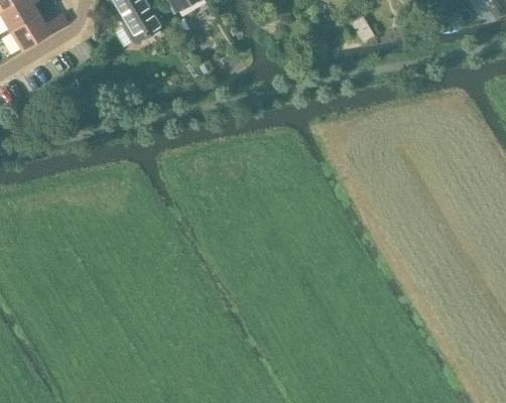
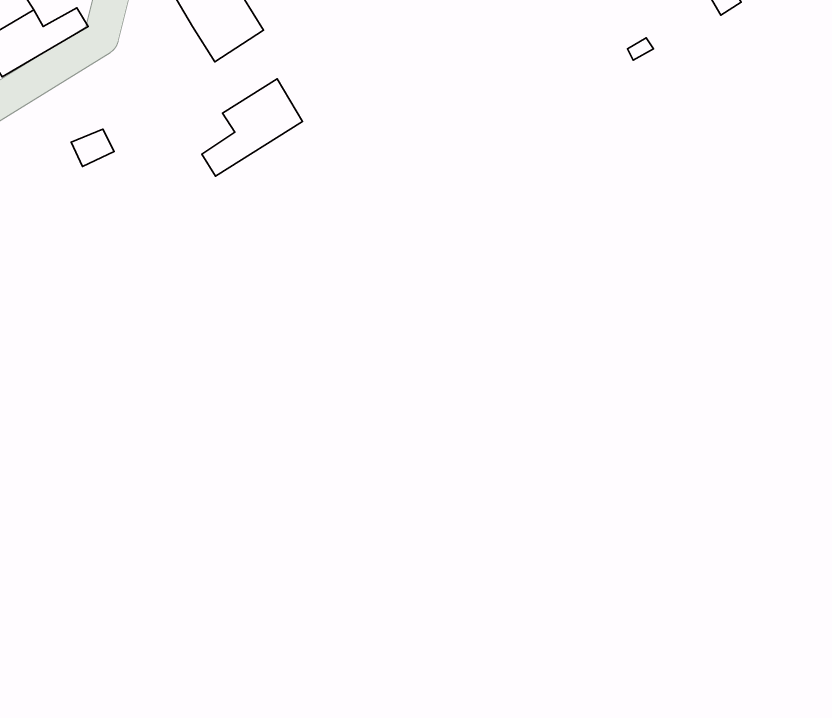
building: none -> [202,79,302,176]

